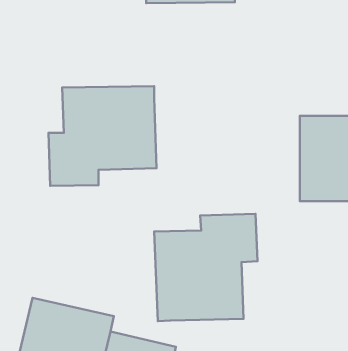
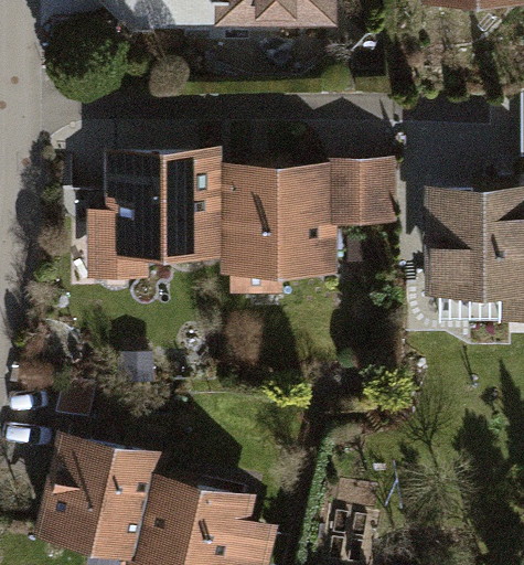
building: none -> [228,158,398,278]
building: [154,214,258,321] -> none

